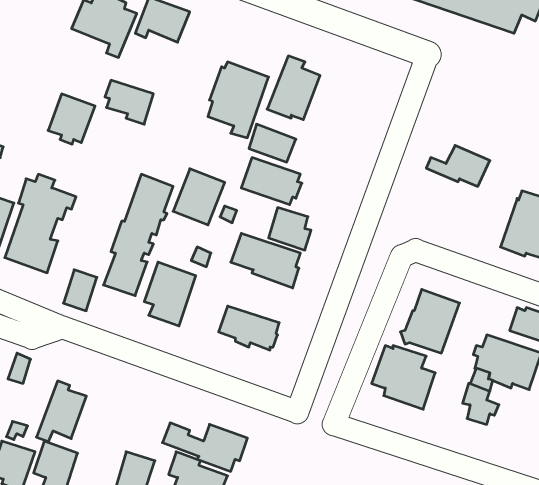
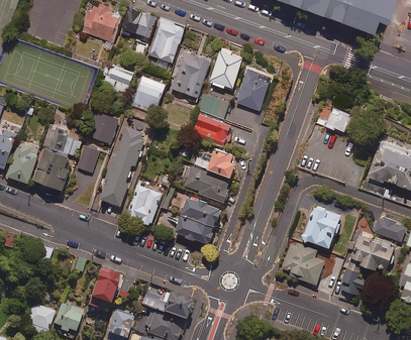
building: none -> [149,20,186,64]
building: none -> [232,68,271,111]
building: [48,94,95,144] -> [88,112,119,145]
building: [173,169,225,225] -> [132,77,167,114]
building: [63,270,97,311] -> [77,145,99,173]
building: none -> [183,196,225,225]
building: [36,381,86,442] -> [88,269,121,310]

